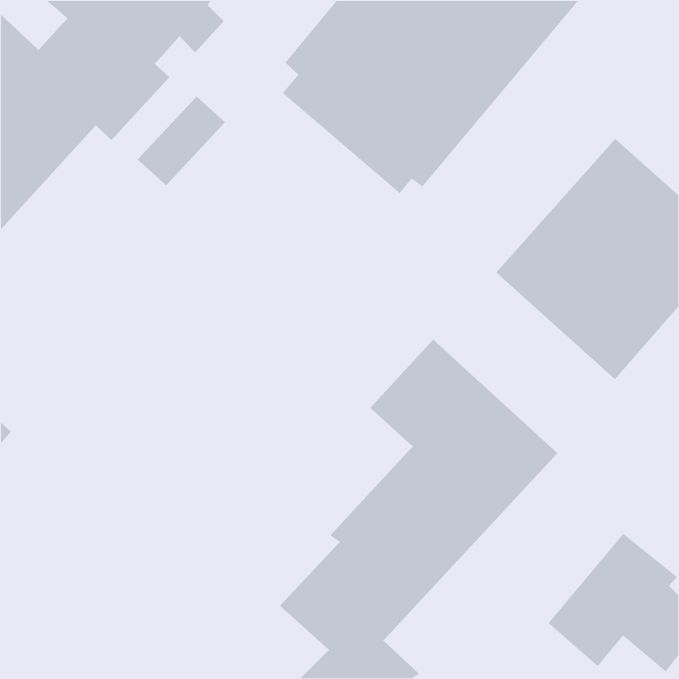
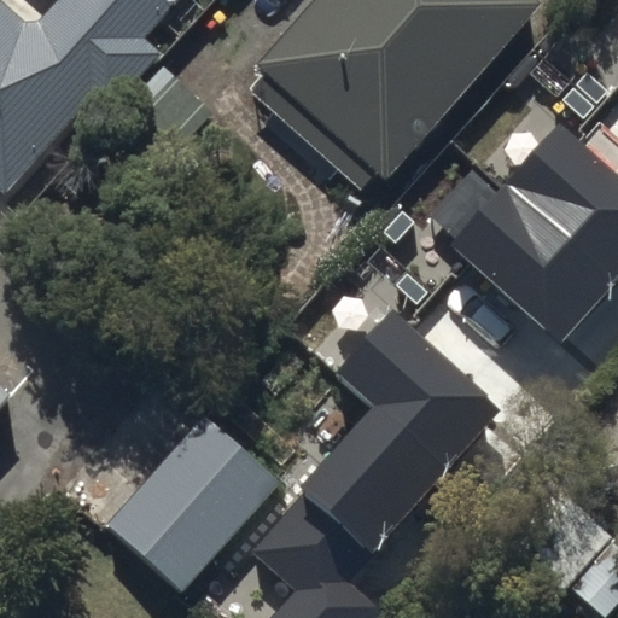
building: none -> [106,418,279,593]

